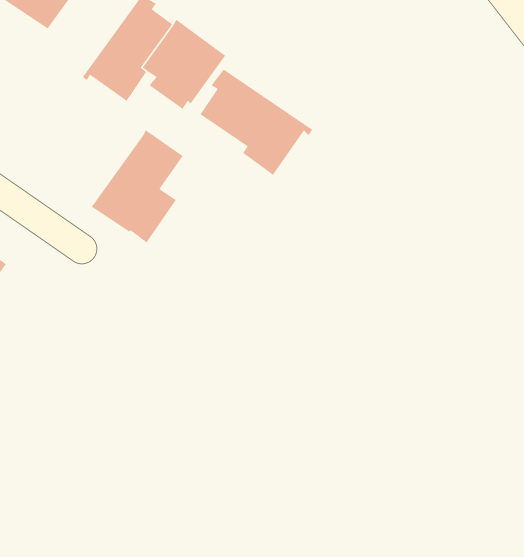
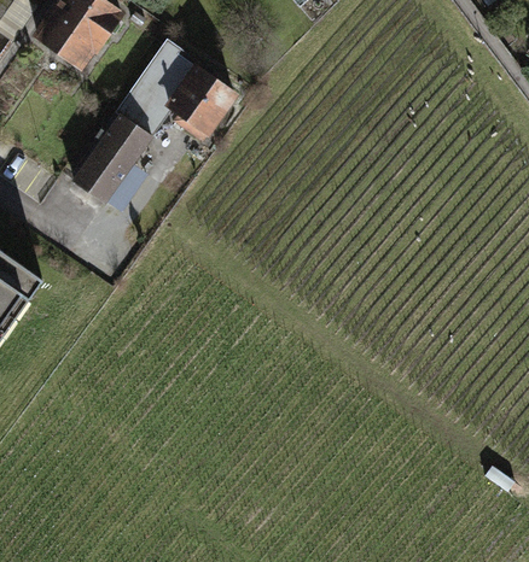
building: [200,69,313,176] -> none
building: [91,129,184,243] -> [69,112,151,213]

